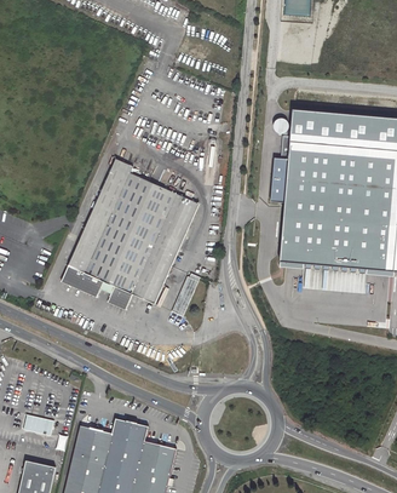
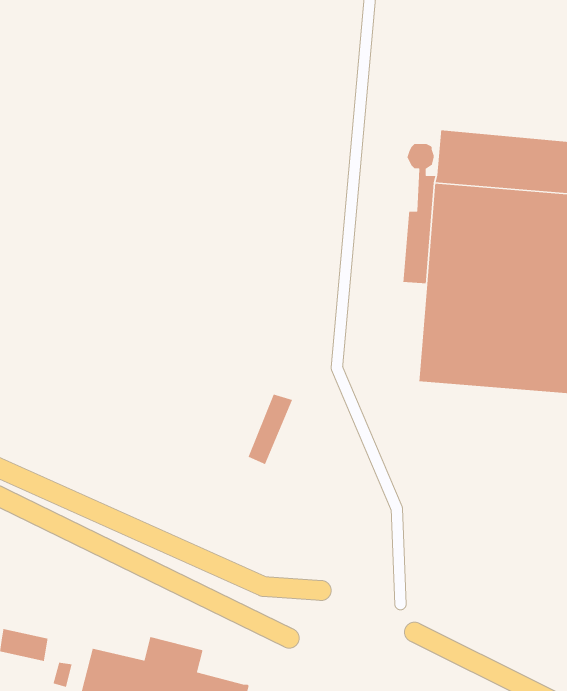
building: [63,157,198,308] -> none

